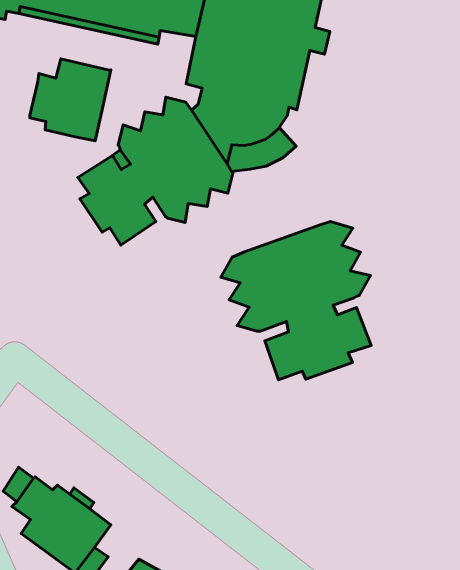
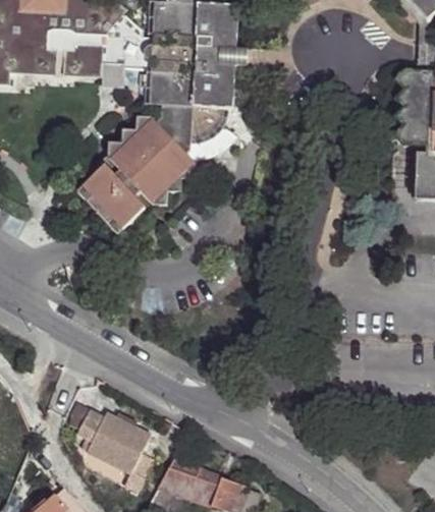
building: [30,59,111,141] -> none
building: [221,221,371,380] -> none

